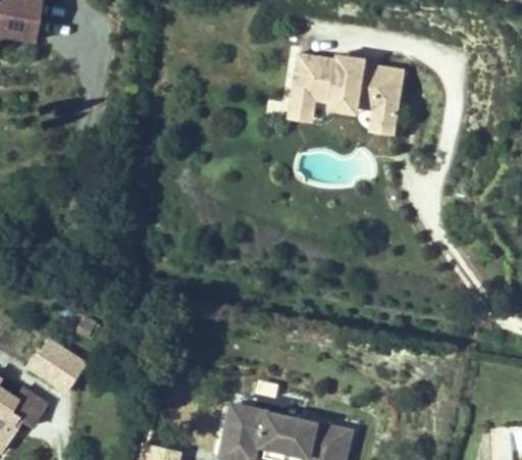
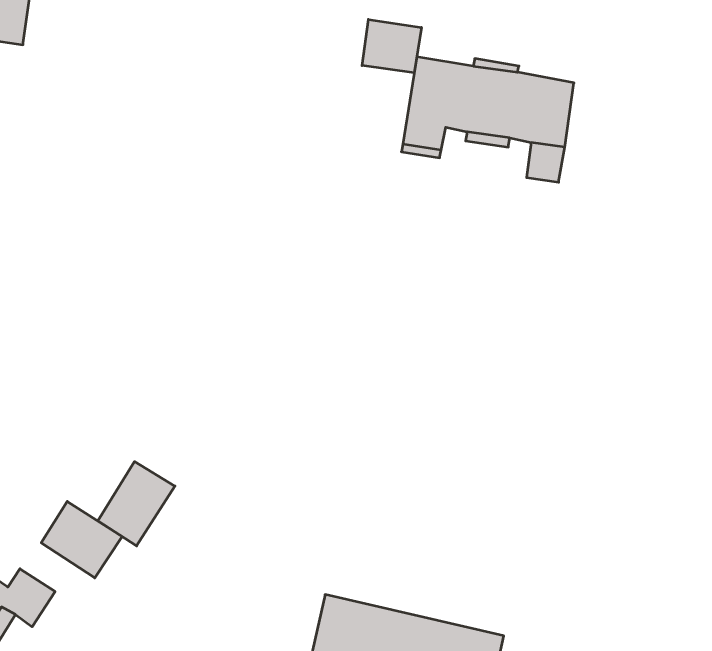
building: none -> [362,19,421,73]
building: none -> [98,462,175,546]

